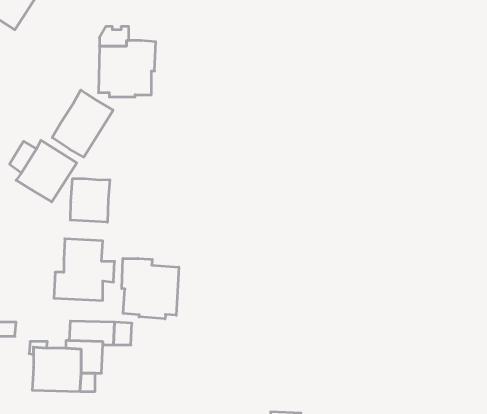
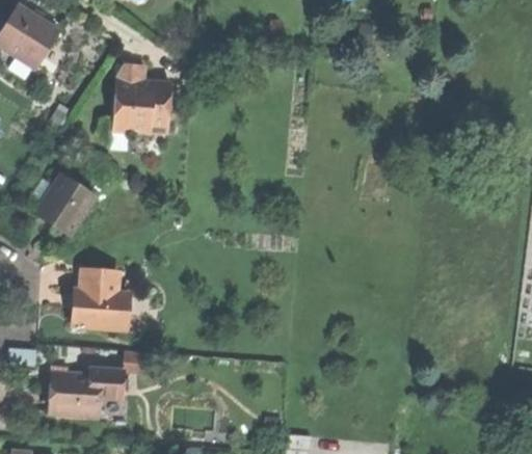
building: [52,90,113,157] -> none
building: [70,179,110,222] -> none
building: [122,258,179,319] -> none

